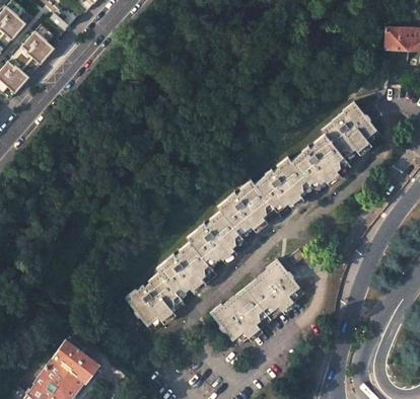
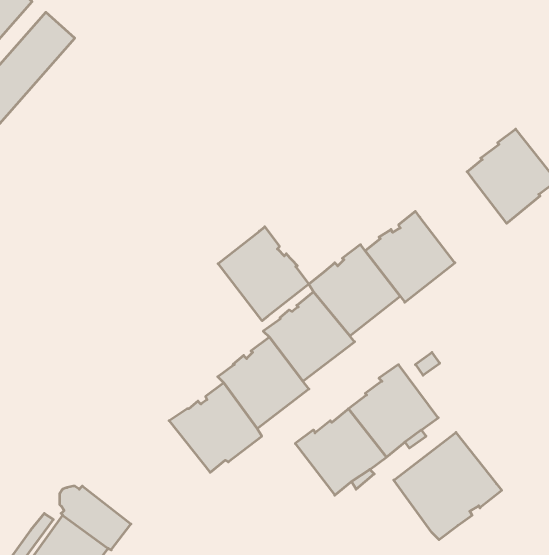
building: [291,133,352,193] -> none
building: none -> [218,227,309,321]
building: none -> [394,432,502,540]

